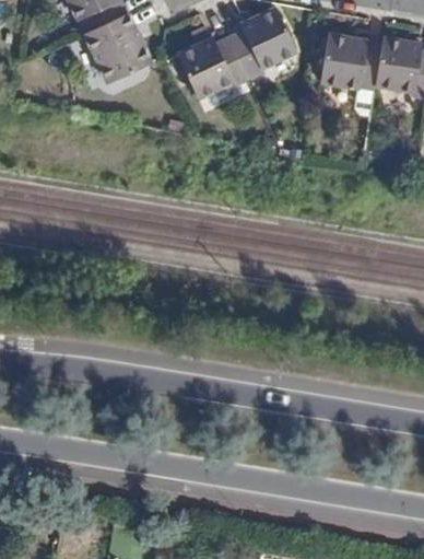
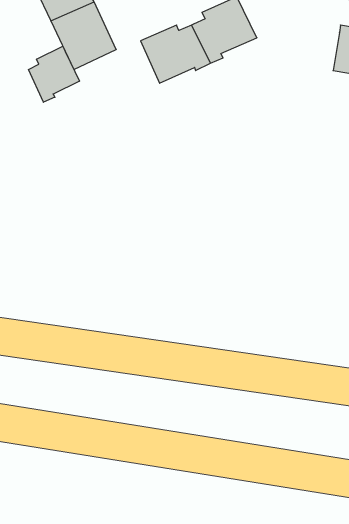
building: [320,34,382,89] -> none
building: none -> [28,46,79,102]

